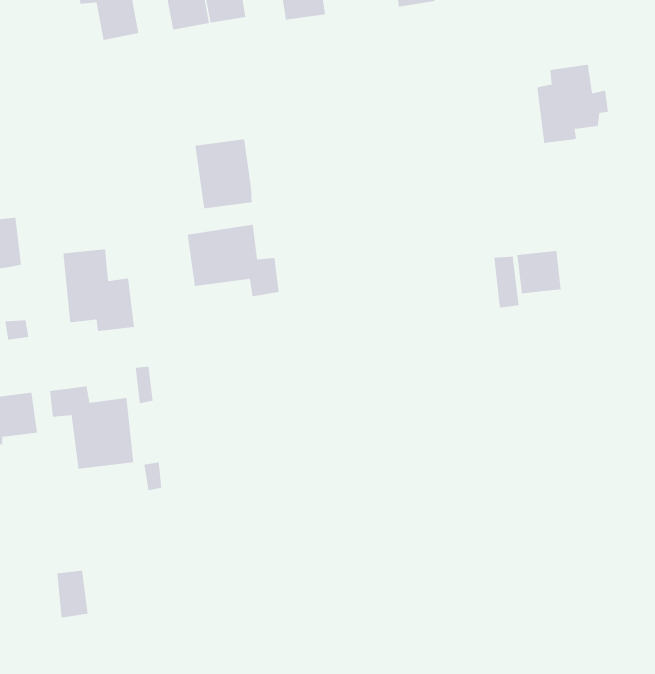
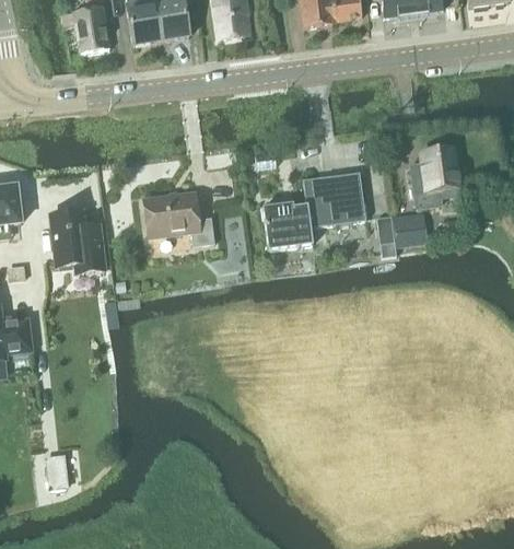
building: [536,64,609,144] -> [412,148,467,208]
building: [195,139,252,209] -> none
building: none -> [264,172,366,249]
building: [50,385,134,470] -> none

